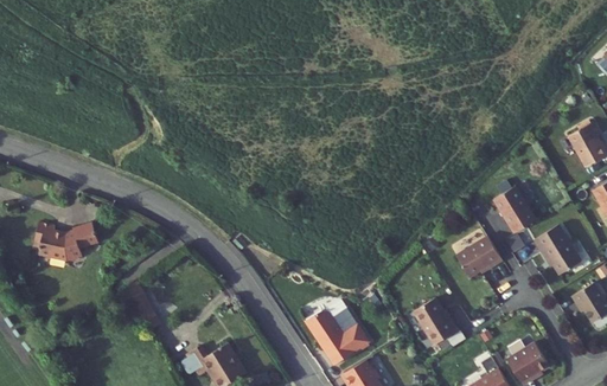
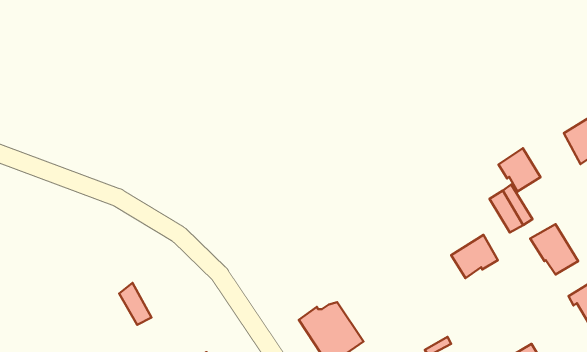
building: none -> [498,148,541,191]
building: [40,220,104,260] -> none
building: [415,297,459,343] -> none

